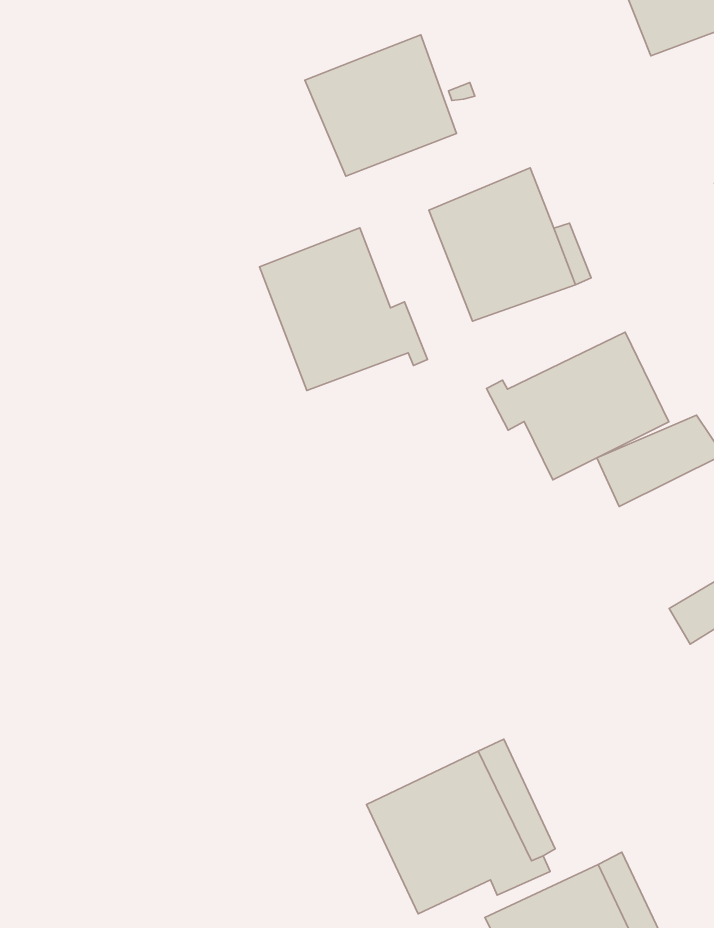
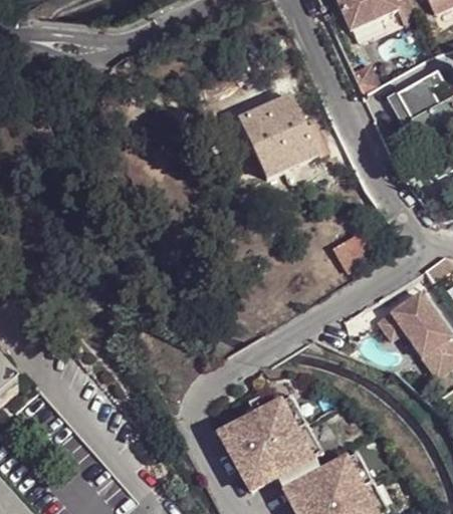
building: [305,35,456,176] -> none
building: [259,228,427,390] -> none
building: [486,332,669,480] -> none

